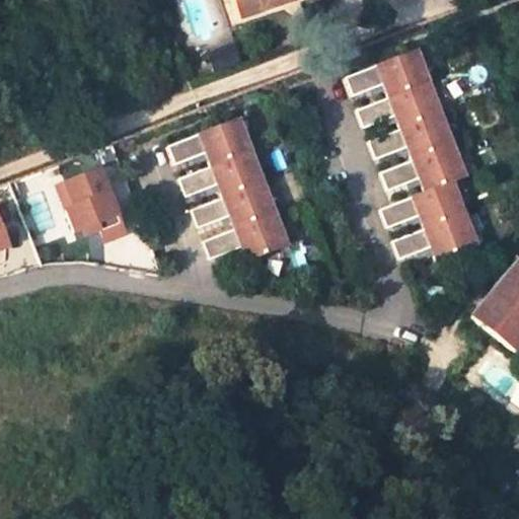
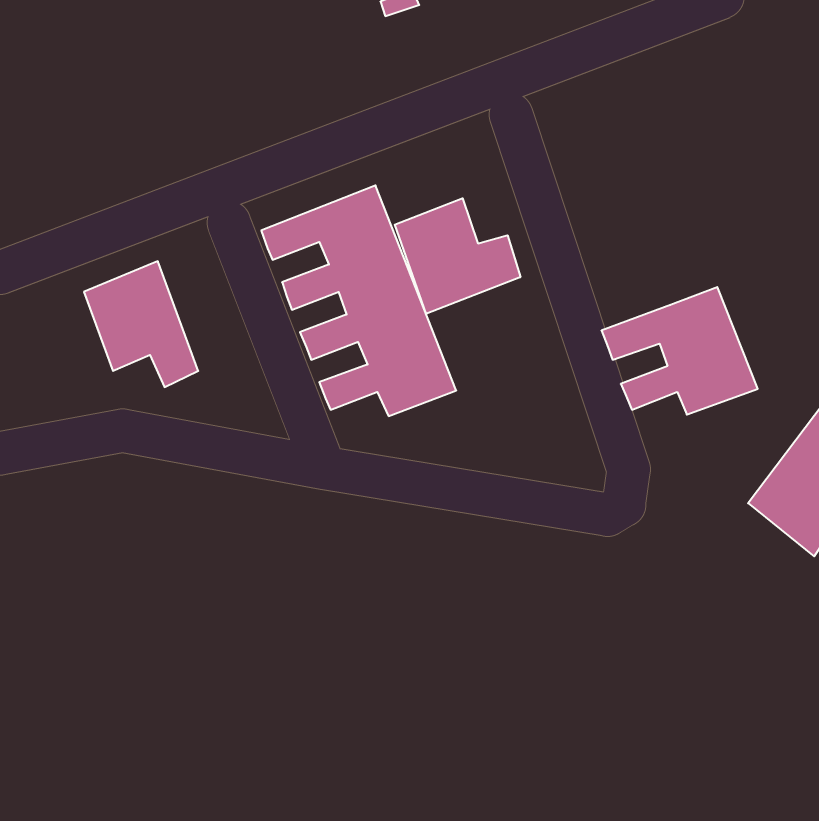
building: [346,48,467,192] -> none
building: none -> [395,198,520,314]

